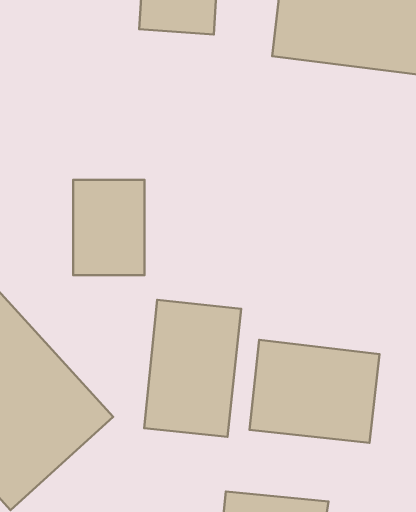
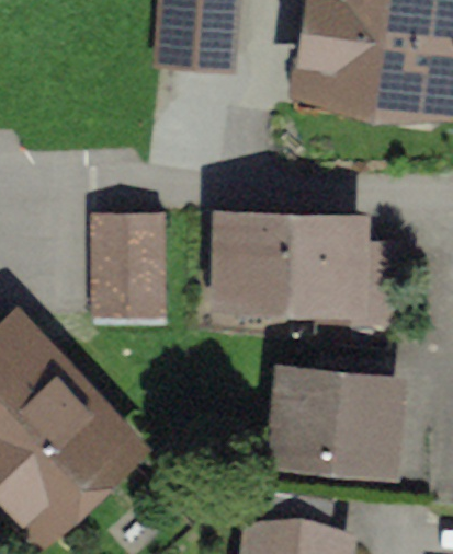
building: none -> [219,205,369,303]
building: [144,300,241,437] -> none

